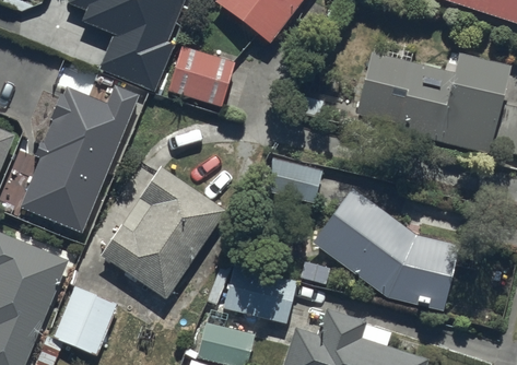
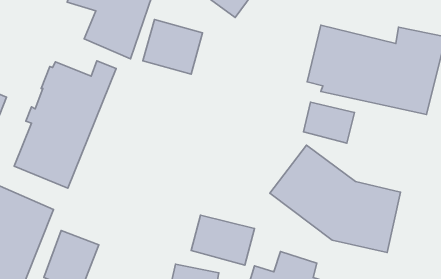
building: [265,156,322,203] -> [304,102,355,143]
building: [98,168,227,299] -> none

